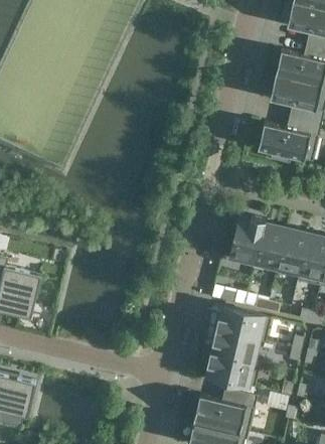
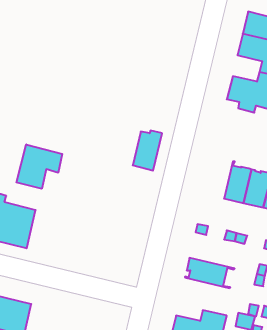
building: none -> [16,144,62,189]
building: [231,216,265,262] -> [133,131,162,171]
building: [215,307,272,341] -> none
building: [207,351,261,387] -> none

